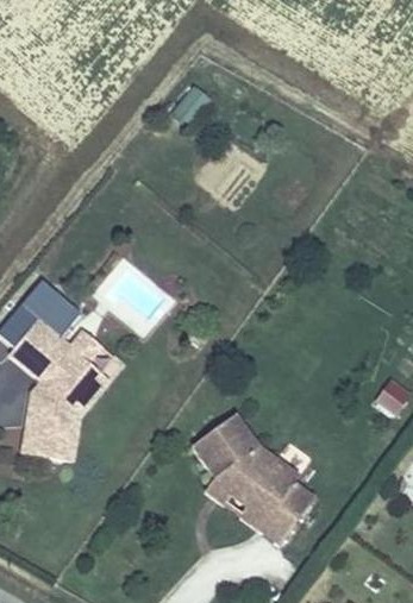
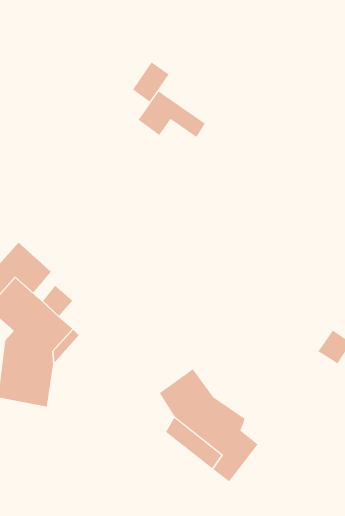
building: none -> [138,91,205,138]

